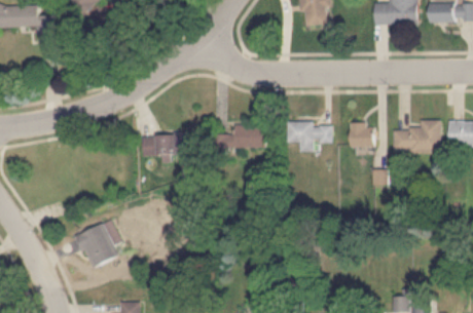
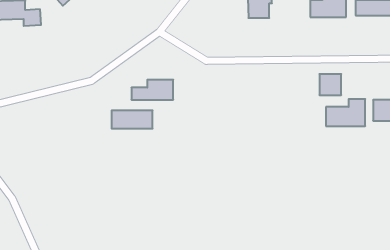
building: [286,121,330,151] -> none
building: [349,123,374,148] -> [319,74,341,95]
building: [215,124,264,148] -> [131,80,173,100]
building: [75,223,119,269] -> none

